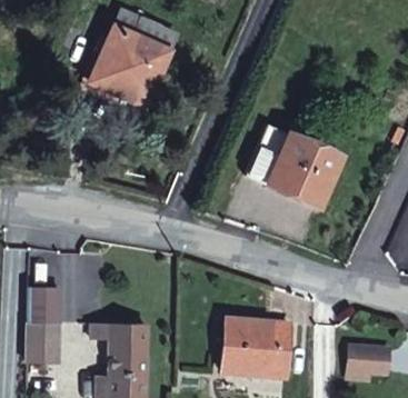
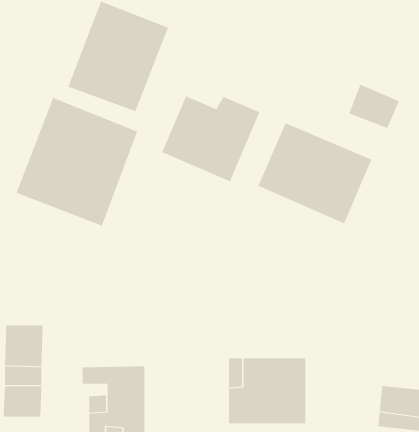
building: none -> [348,84,400,129]
building: none -> [161,96,260,182]
building: none -> [16,97,138,226]

